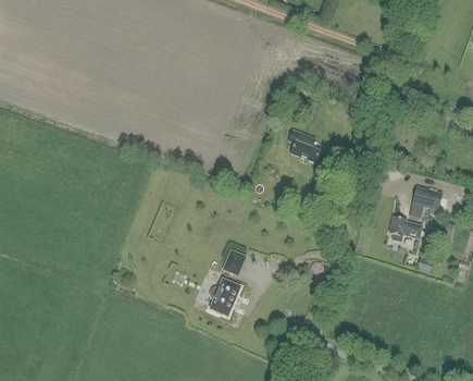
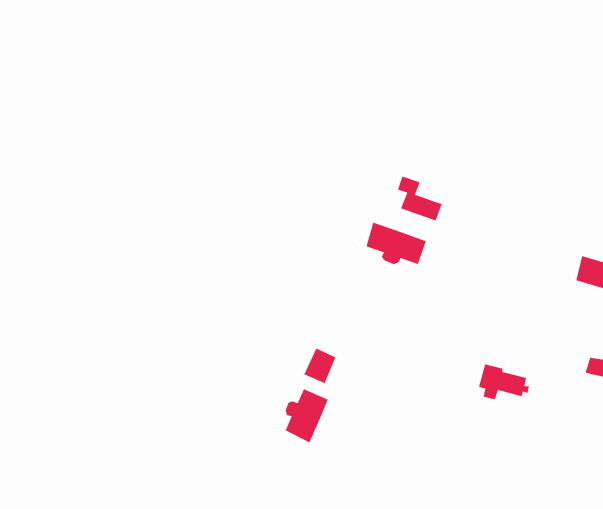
building: none -> [366,222,426,265]
building: [388,217,424,242] -> [478,364,530,400]

